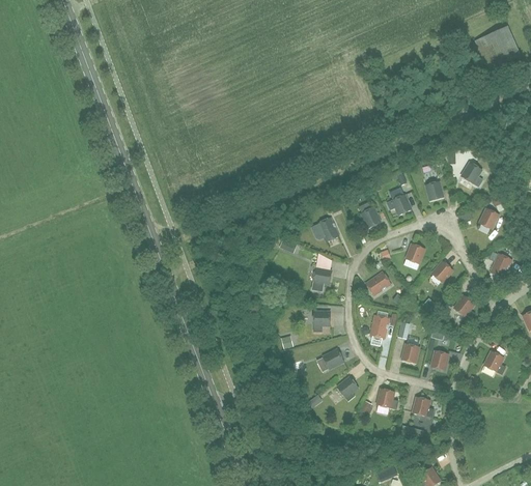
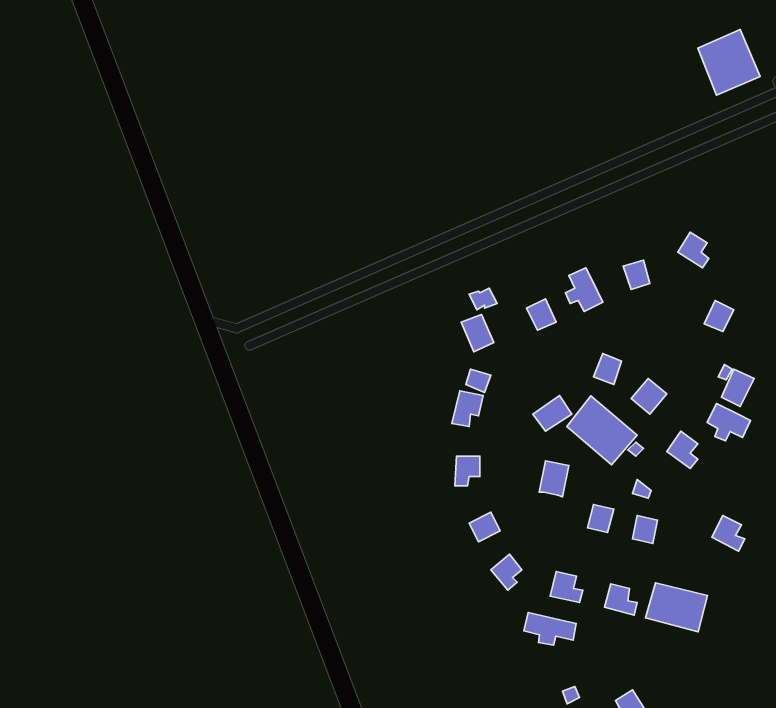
building: none -> [567,396,637,465]
building: none -> [707,403,750,441]
building: none -> [646,583,708,632]
building: none -> [524,612,576,645]

